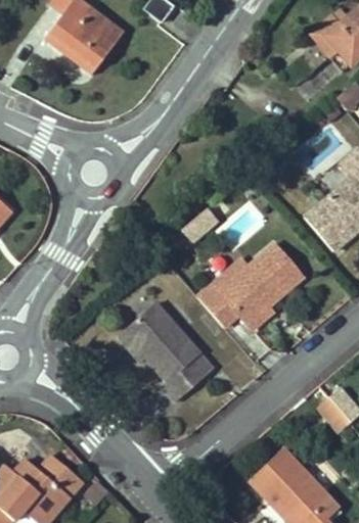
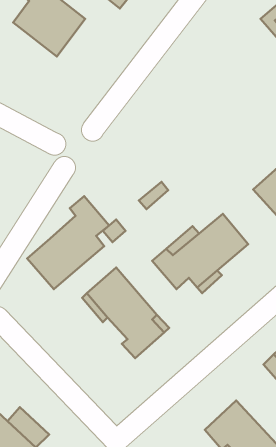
building: none -> [27,196,109,289]

